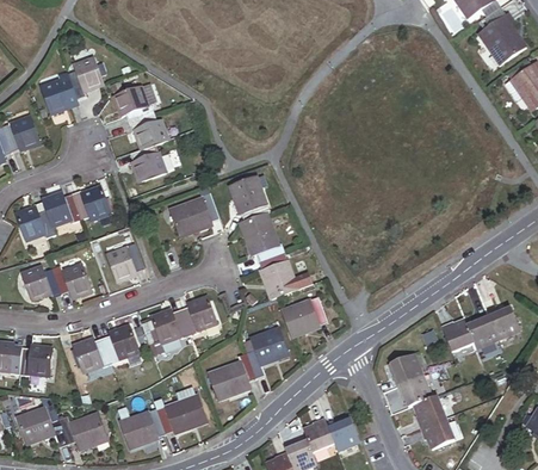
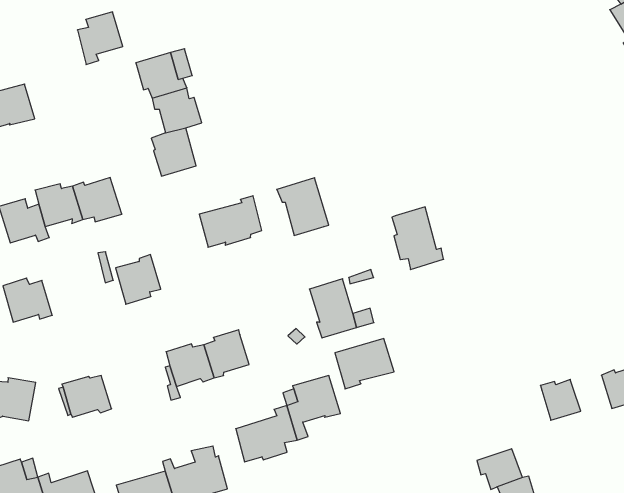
building: [42,74,76,115] -> none
building: [242,214,284,262] -> [392,207,444,270]
building: [52,265,92,298] -> none
building: [466,315,497,350] -> none
building: [103,326,138,364] -> none
building: [390,354,422,386] -> none

